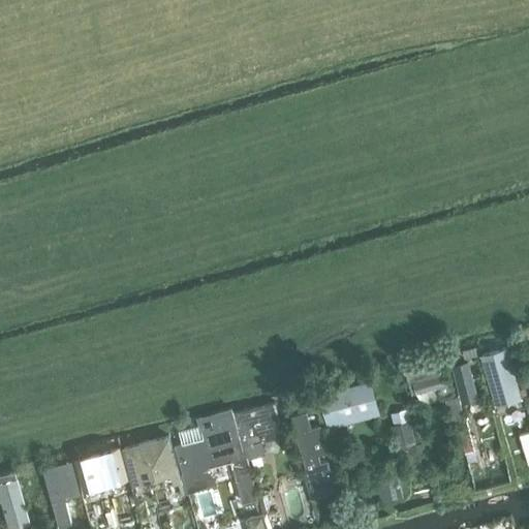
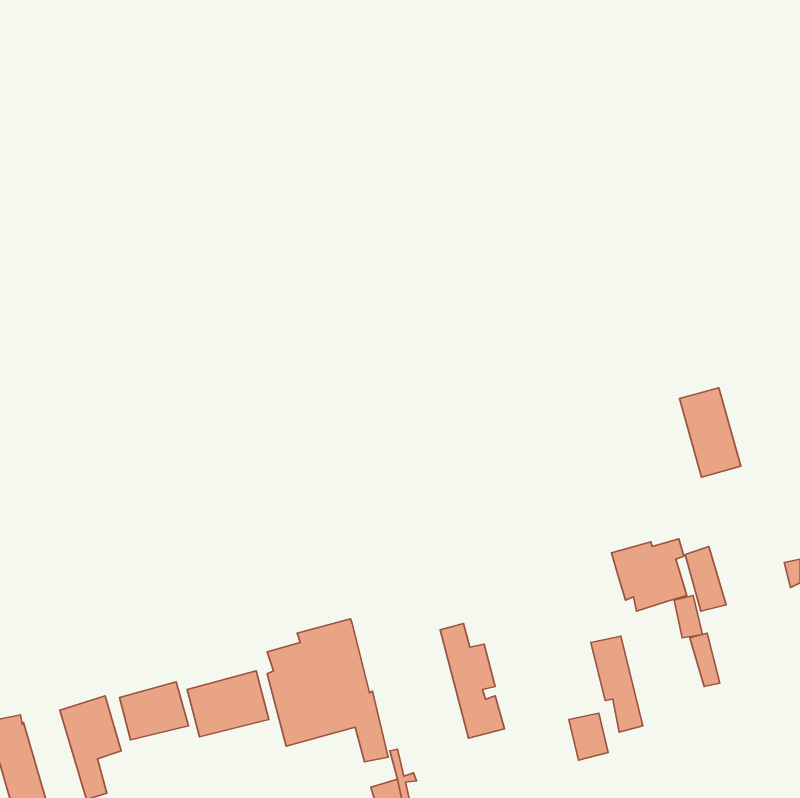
building: [479,349,520,408] -> [679,388,741,477]
building: [317,382,379,431] -> none
building: [231,403,281,466] -> none

